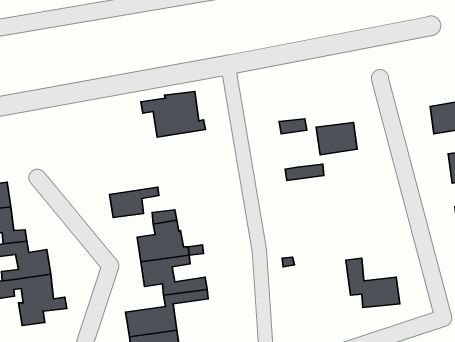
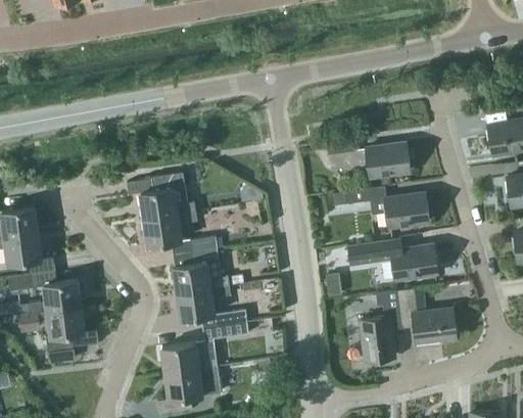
building: [141,91,205,137] -> [126,172,195,221]
building: none -> [384,193,428,228]
building: none -> [344,238,436,280]
building: none -> [361,291,402,361]

